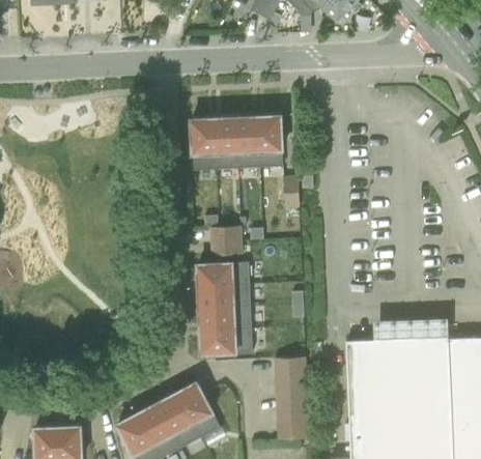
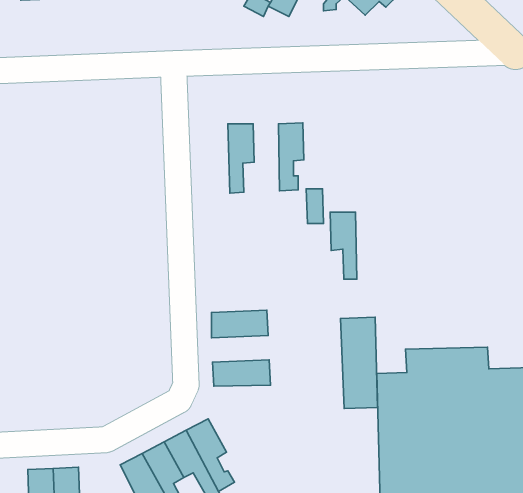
building: [192,118,216,181] -> none
building: [236,118,260,178] -> [330,212,357,279]
building: [210,227,243,255] -> none
building: [198,262,249,287] -> none
building: [199,308,251,332] -> none
building: [275,357,308,439] -> [341,317,378,409]

